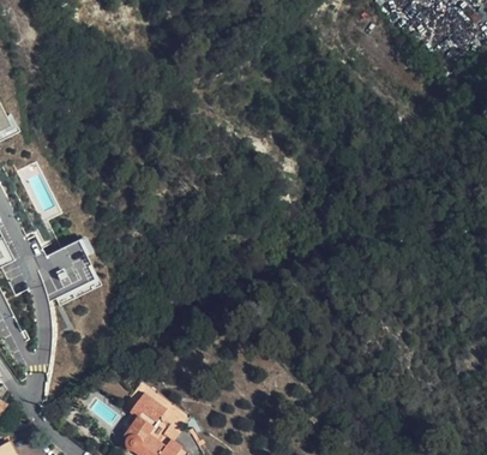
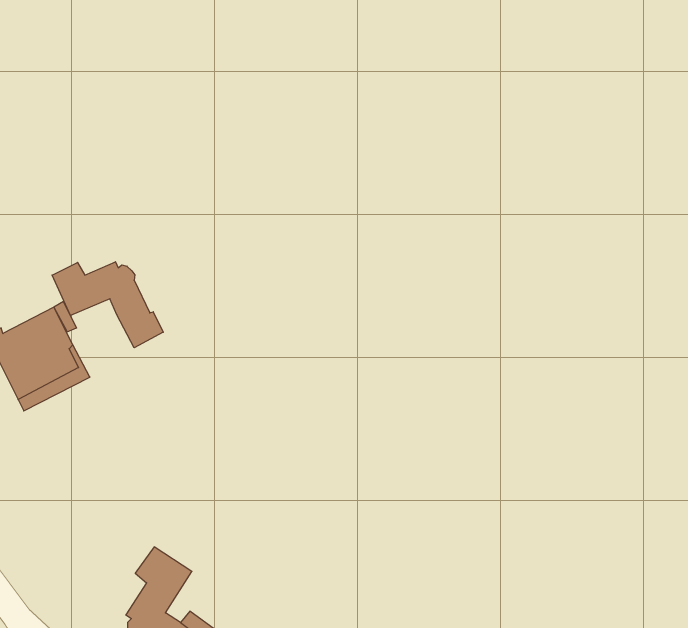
building: none -> [52,262,163,348]

